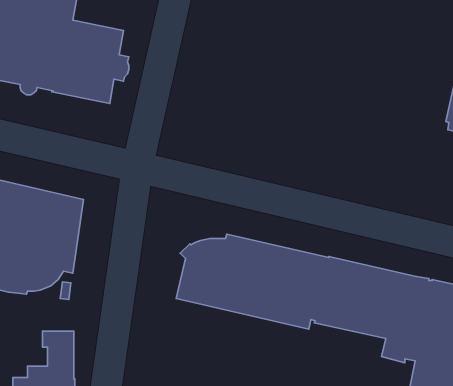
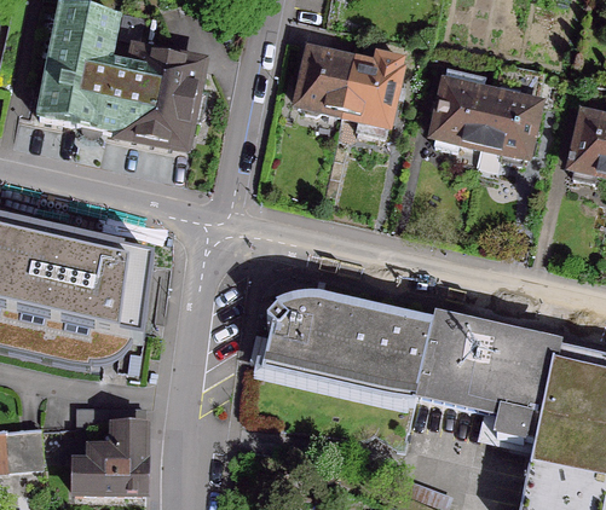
building: none -> [295,47,403,133]
building: none -> [431,58,538,160]

